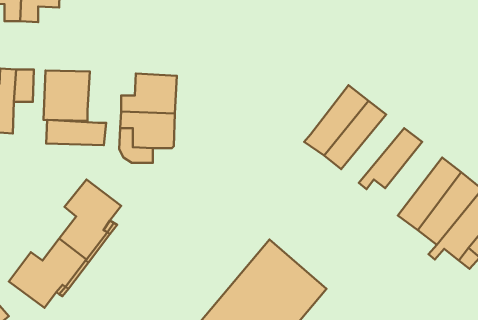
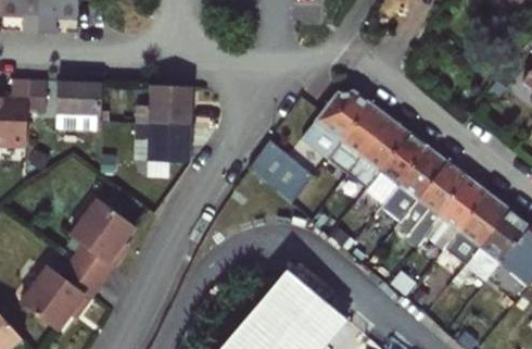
building: none -> [300,90,371,161]
building: none -> [364,133,429,203]
building: none -> [251,138,315,200]
building: [46,120,106,145] -> none
building: none -> [402,161,468,247]

